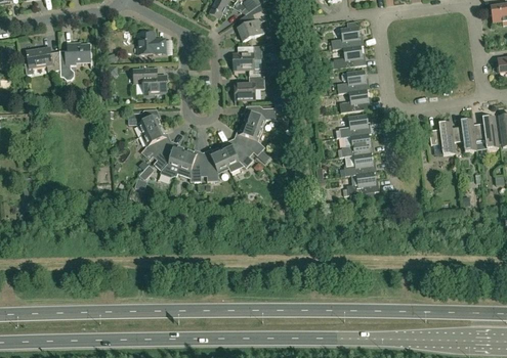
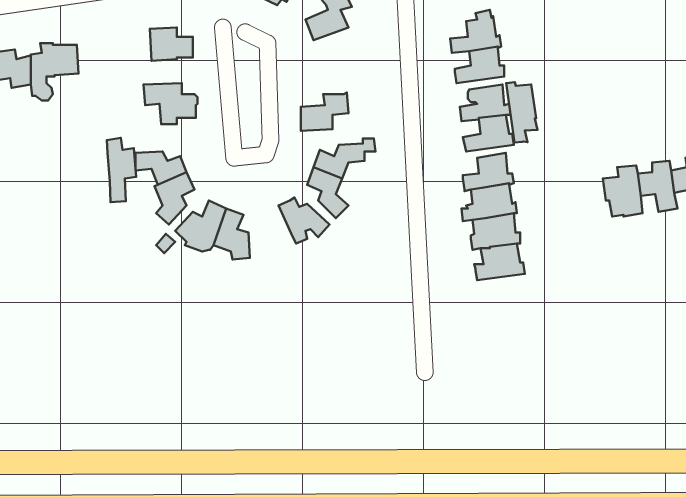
building: [234,44,262,75] -> none
building: none -> [506,82,538,143]
building: none -> [107,138,136,202]
building: [207,146,229,180] -> none

